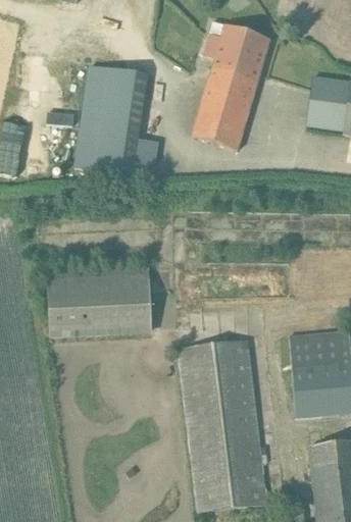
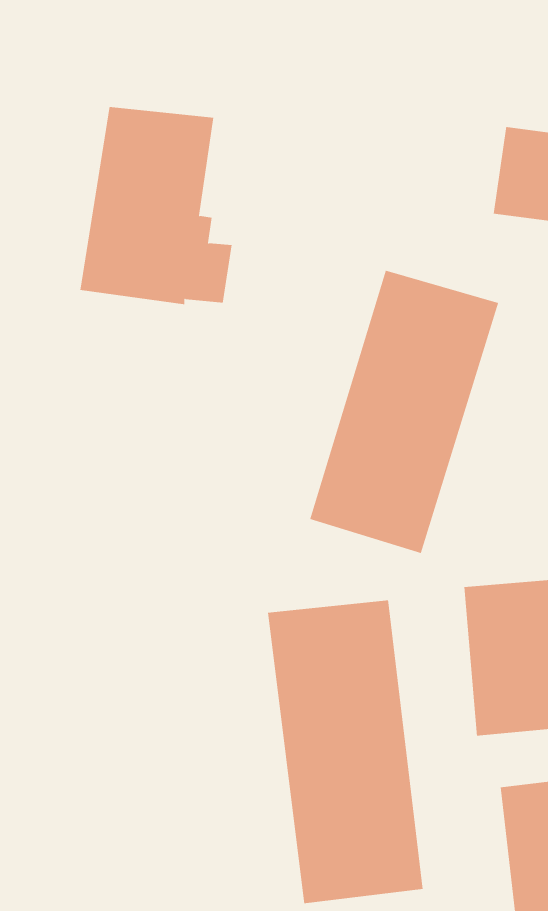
building: [192,27,268,150] -> none
building: none -> [310,270,499,554]
building: [46,269,151,334] -> none

